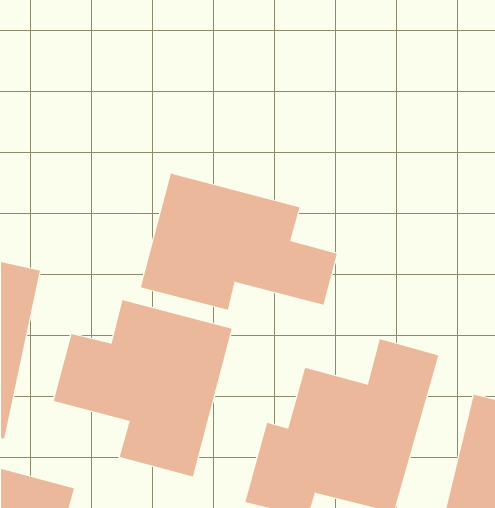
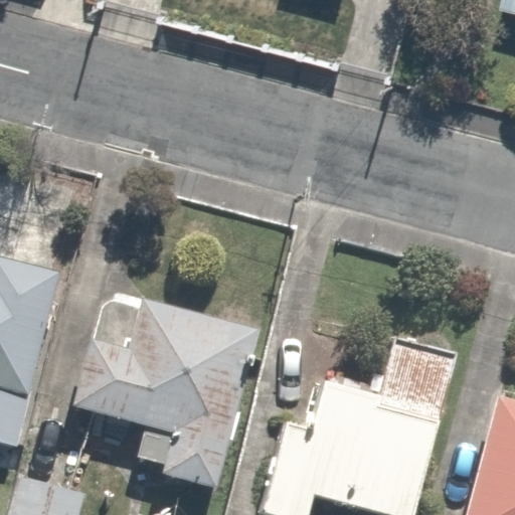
building: [140,173,337,311] -> none

